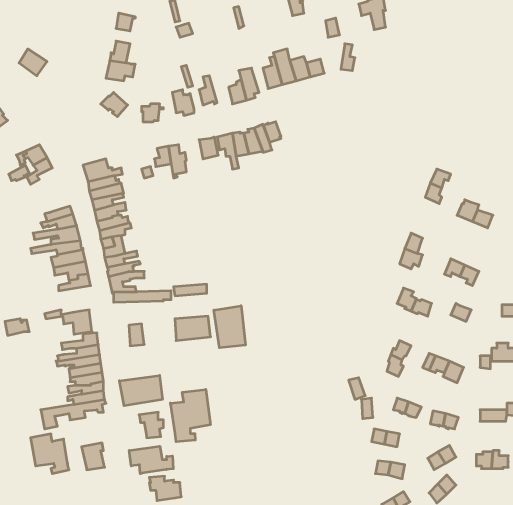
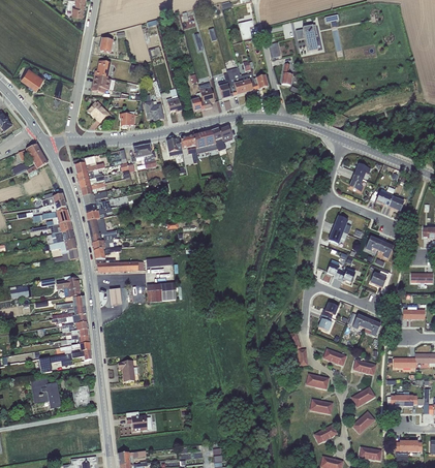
building: [214,306,245,348] -> none
building: [119,375,162,406] -> none
building: [170,389,210,442] -> none
building: [129,446,173,474] -> none

